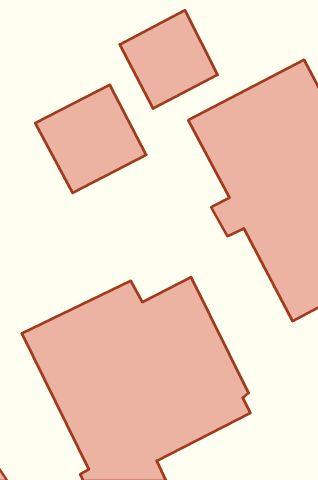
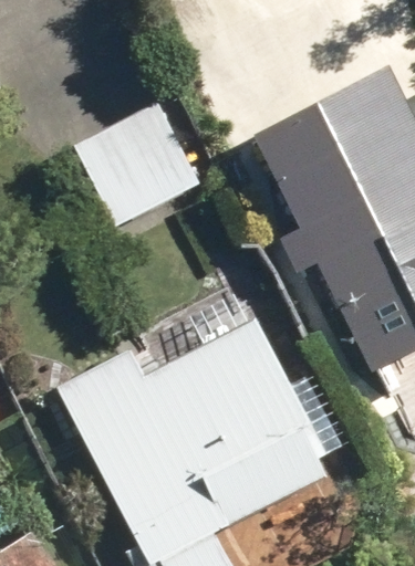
building: [120,10,218,109] -> none

